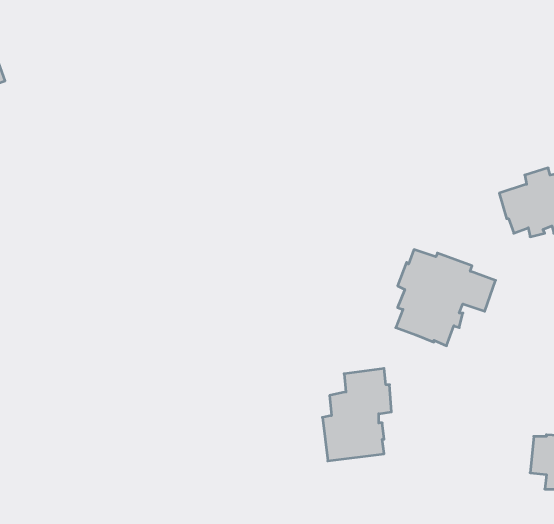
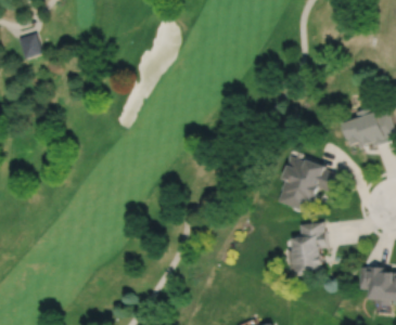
building: [322,368,391,461] -> [284,221,325,276]

